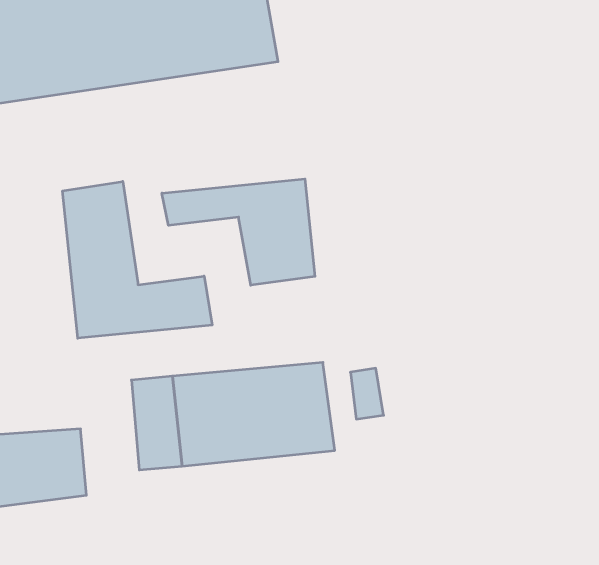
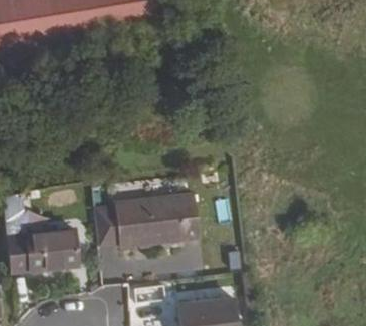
building: [162,179,315,285] -> none
building: [63,181,212,338] -> none

